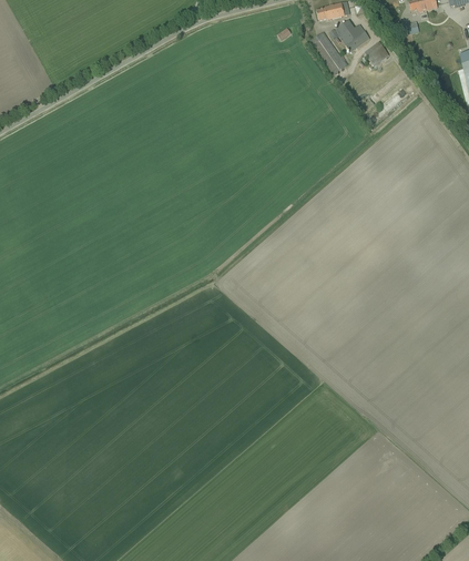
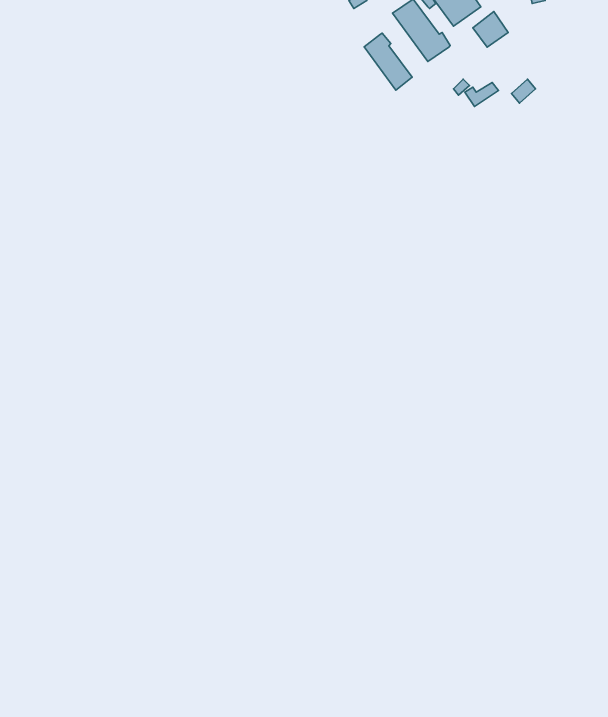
building: none -> [364,33,412,90]

